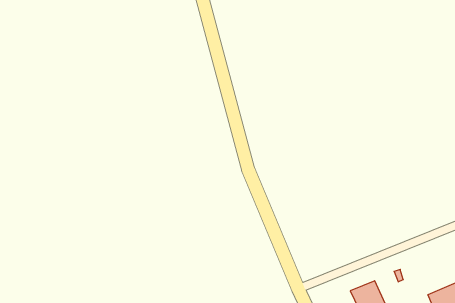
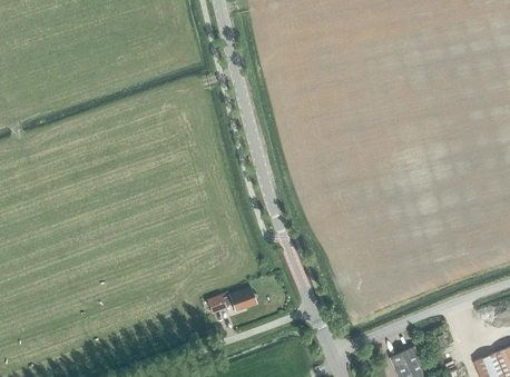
building: none -> [207,288,258,312]

